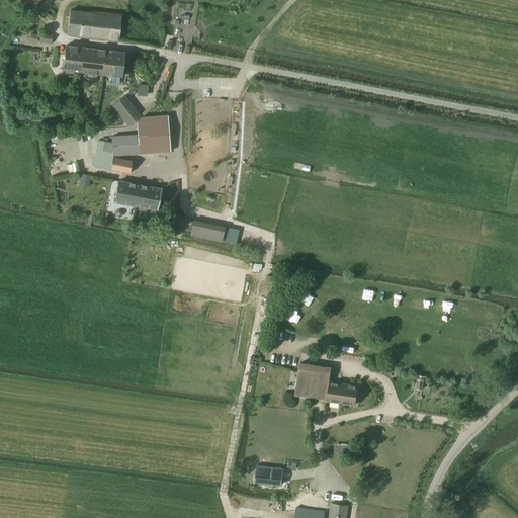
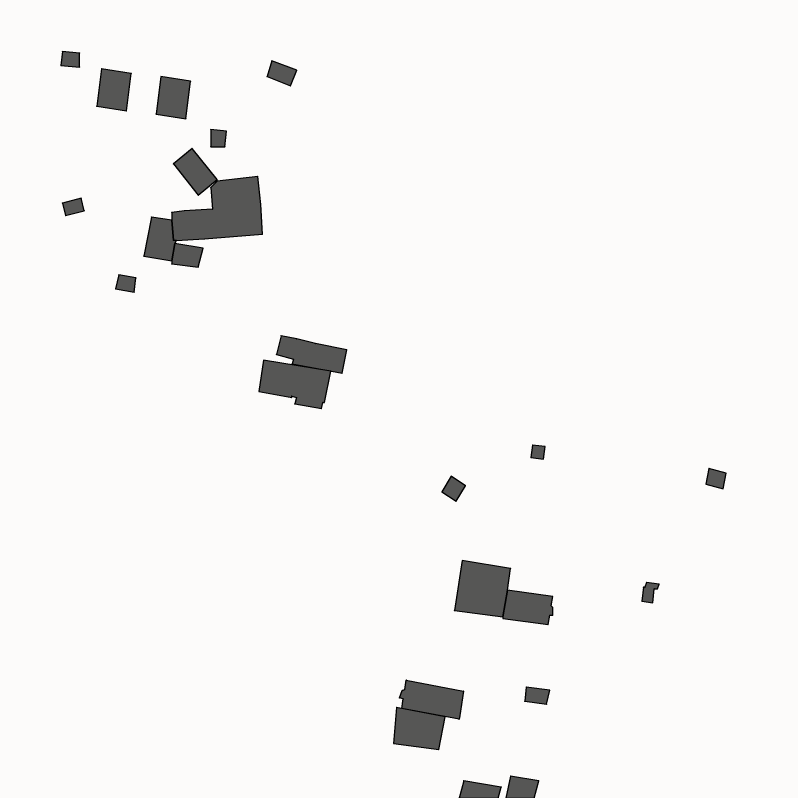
building: [67,9,120,40] -> none
building: [82,48,104,74] -> none
building: [114,182,161,213] -> [259,360,331,409]
building: none -> [399,680,463,719]

